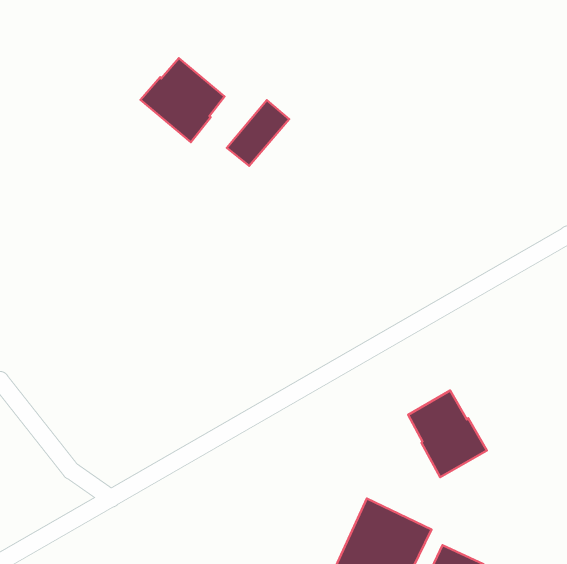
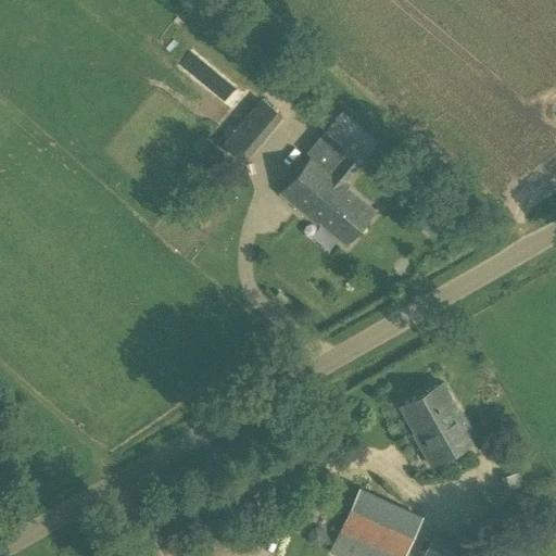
building: [140,58,225,142] -> none
building: none -> [281,125,374,245]

